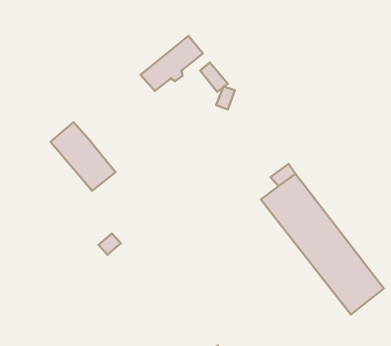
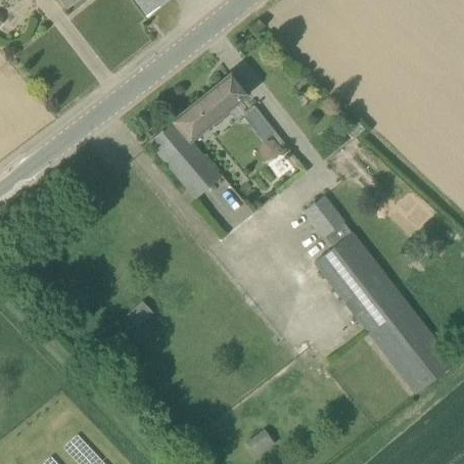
building: [50,122,115,191] -> [149,120,224,198]
building: none -> [305,195,345,237]

